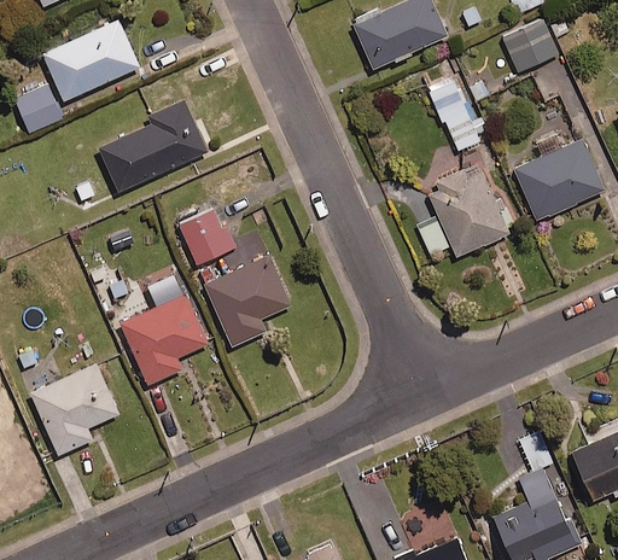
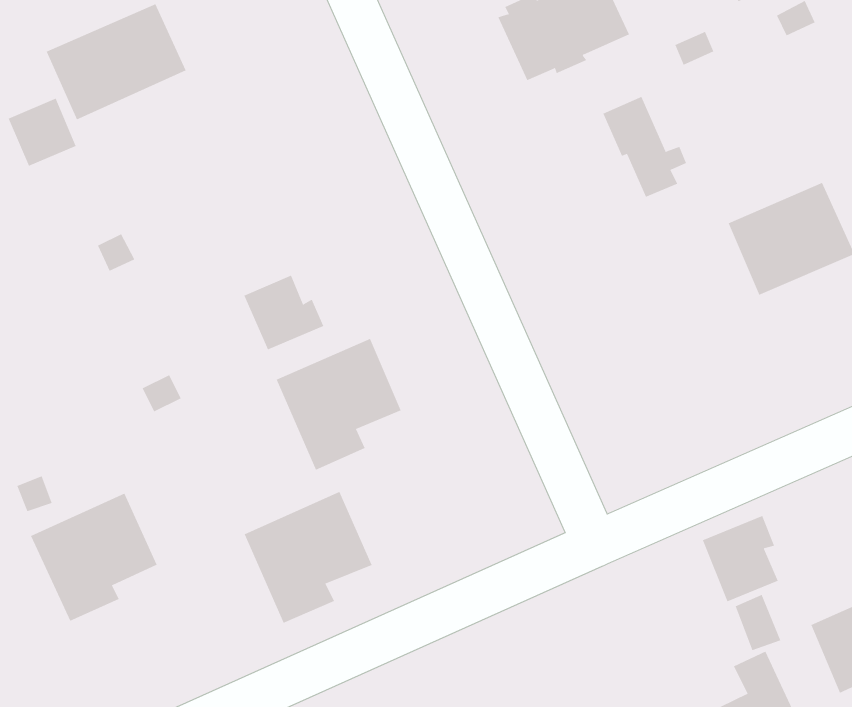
building: [508,24,561,72] -> none
building: [94,97,205,189] -> none
building: [410,173,517,259] -> none
building: [116,290,206,383] -> [244,491,373,623]
building: none -> [702,515,778,602]

